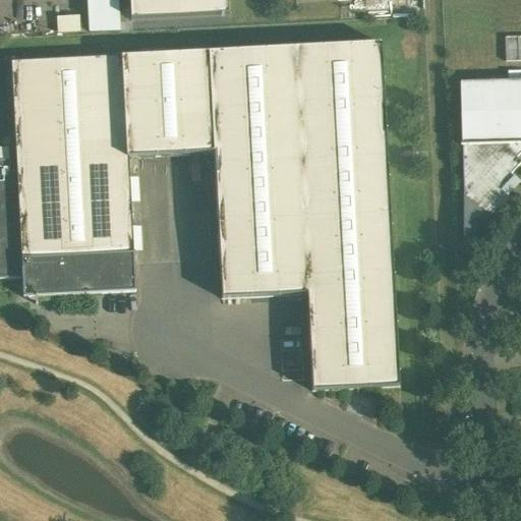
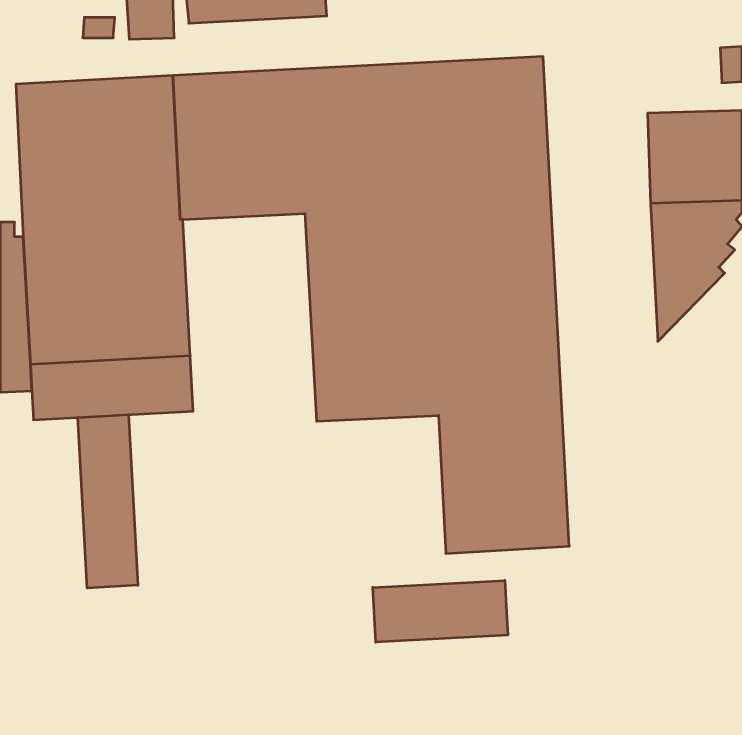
building: none -> [78,415,138,588]
building: none -> [373,580,508,642]

